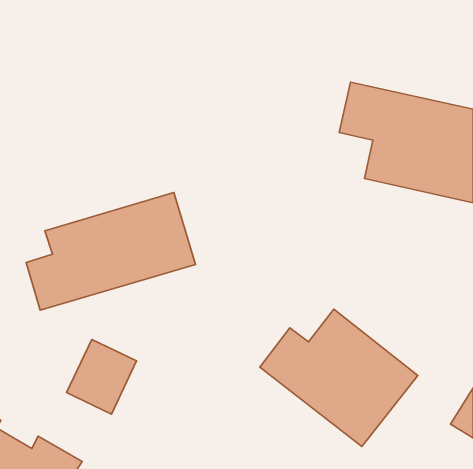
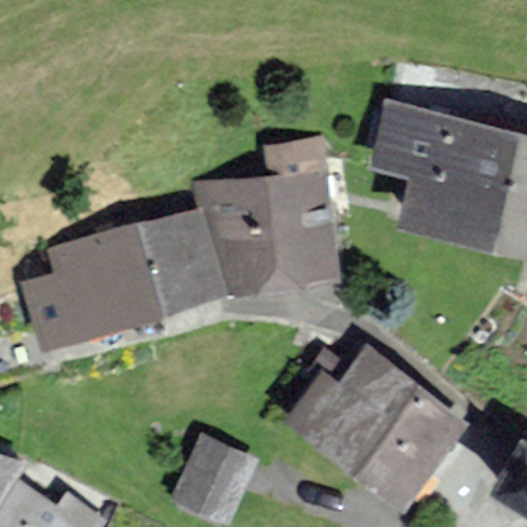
building: none -> [210,151,335,298]
building: [66,339,137,414] -> [172,436,249,519]

